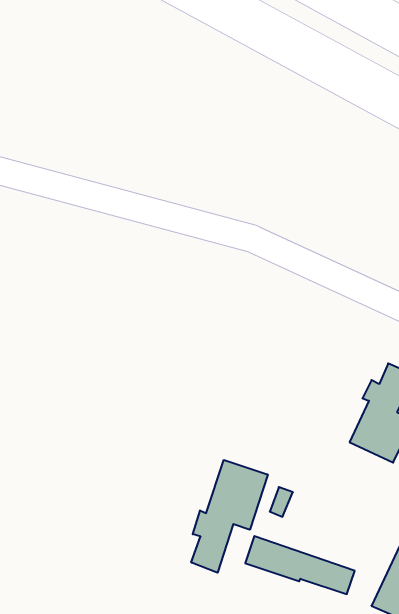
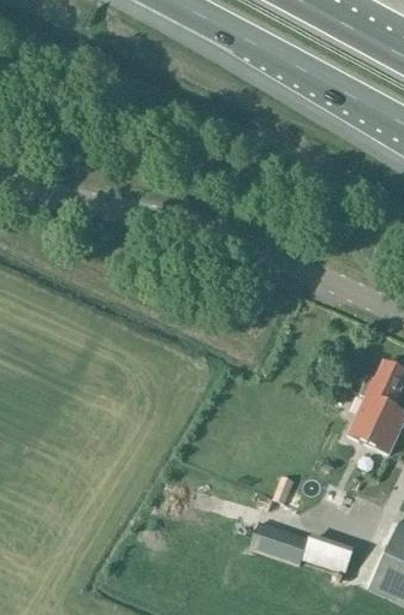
building: [191,460,268,573] -> none

